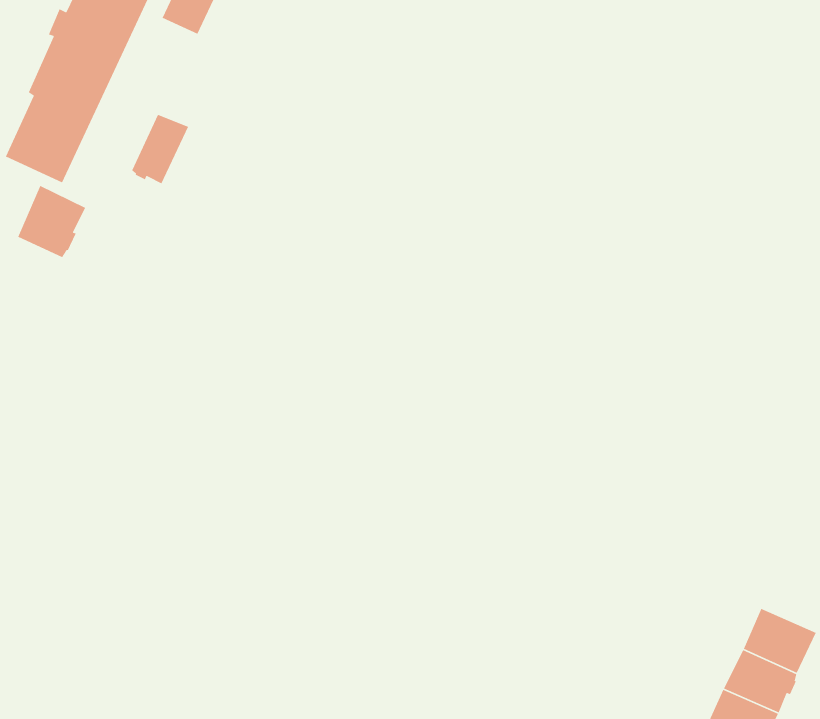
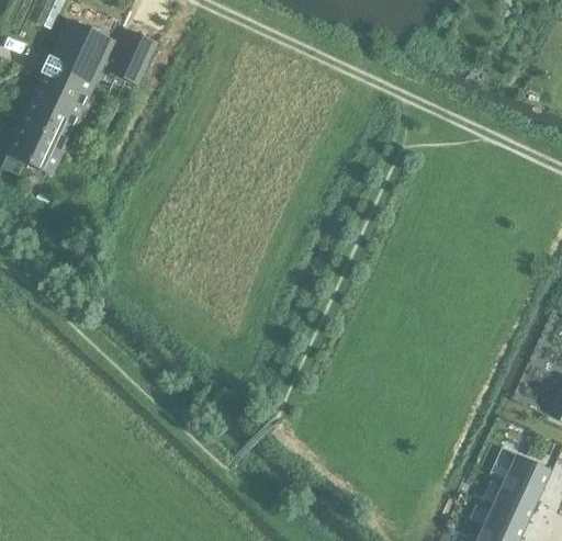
building: [131,114,189,184] -> none
building: [17,185,86,258] -> none

